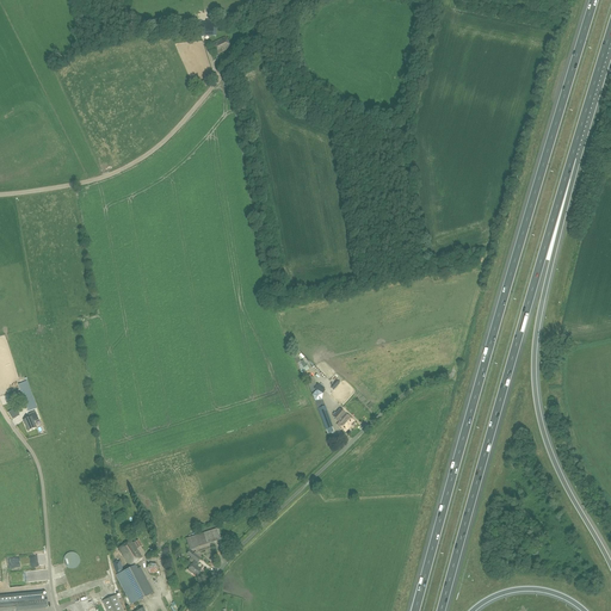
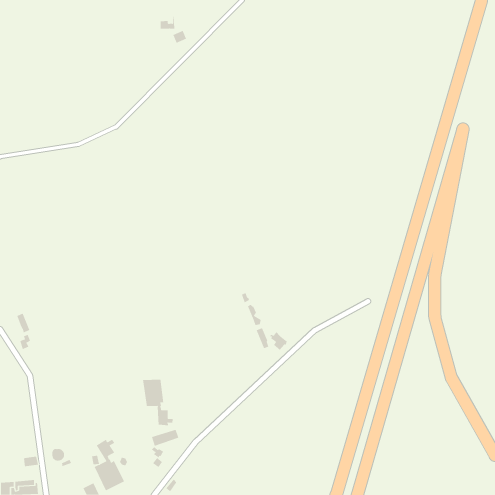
building: none -> [143,379,173,426]

